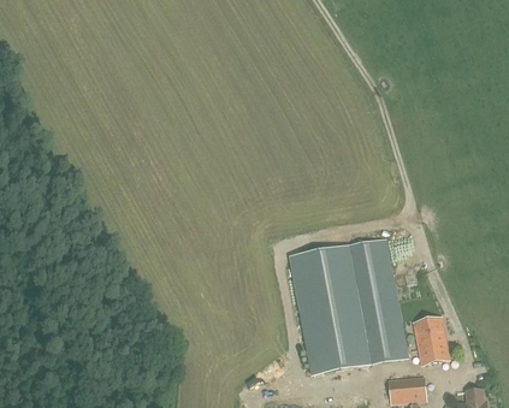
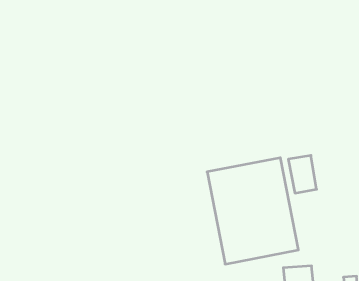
building: [413,315,449,363] -> [288,155,317,193]

